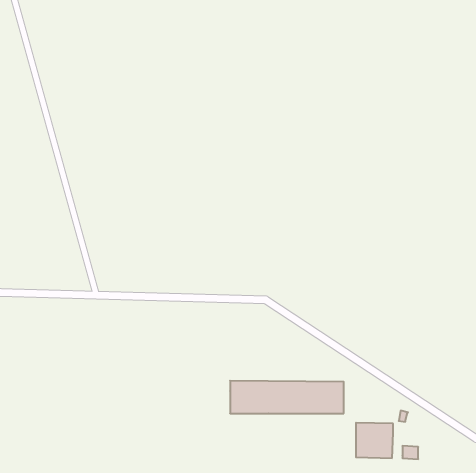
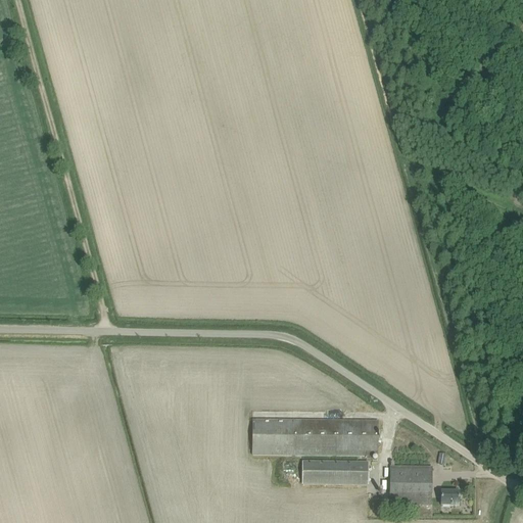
building: none -> [302,460,368,483]

